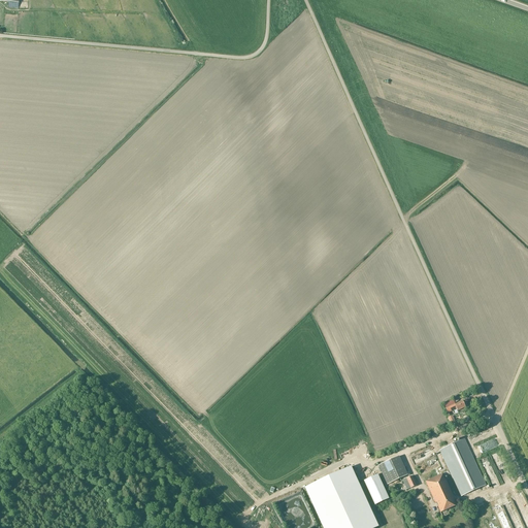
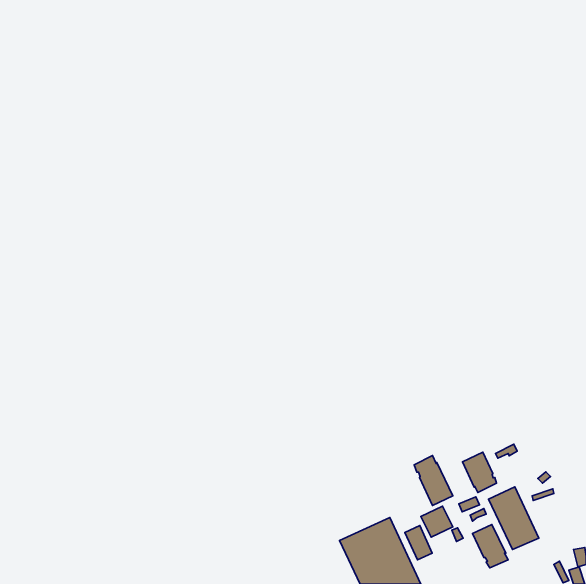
building: none -> [462,452,497,493]
building: none -> [414,455,453,506]

